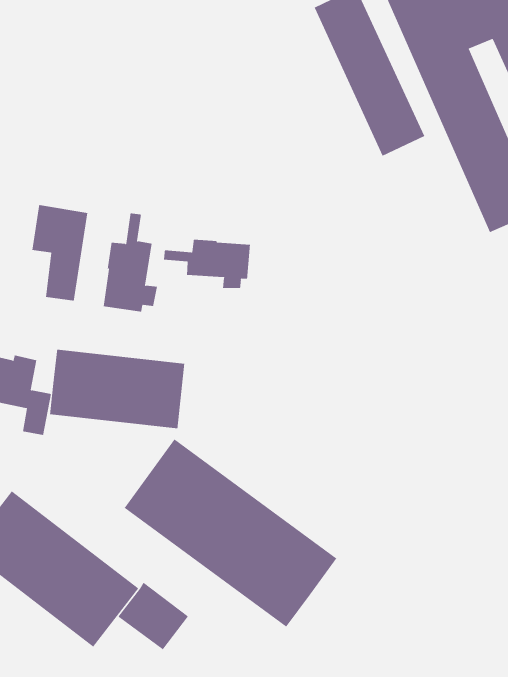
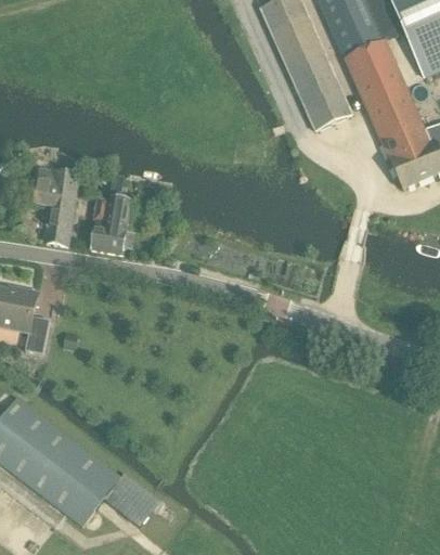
building: [163,239,251,289] -> none
building: [50,349,185,429] -> none
building: [124,439,337,628] -> none

